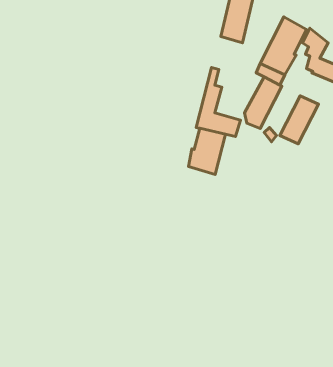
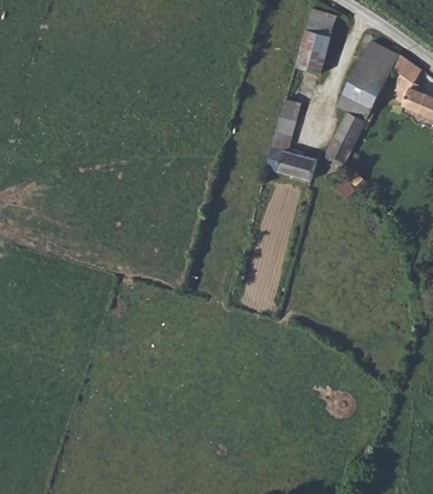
building: [280,96,318,144] -> none
building: [189,128,226,174] -> none

